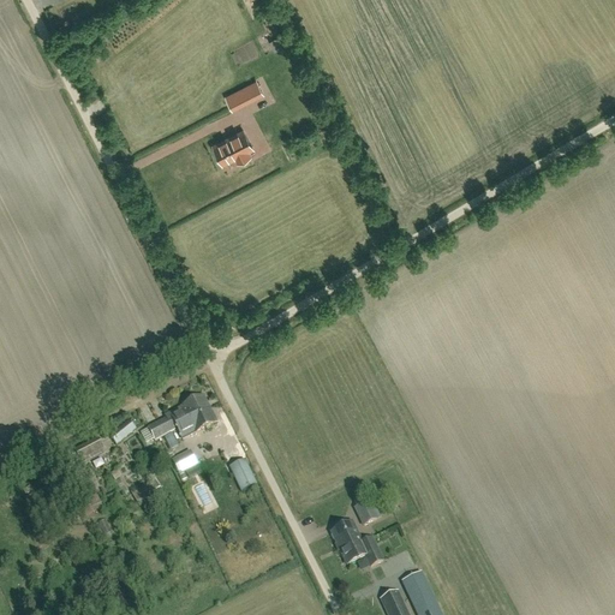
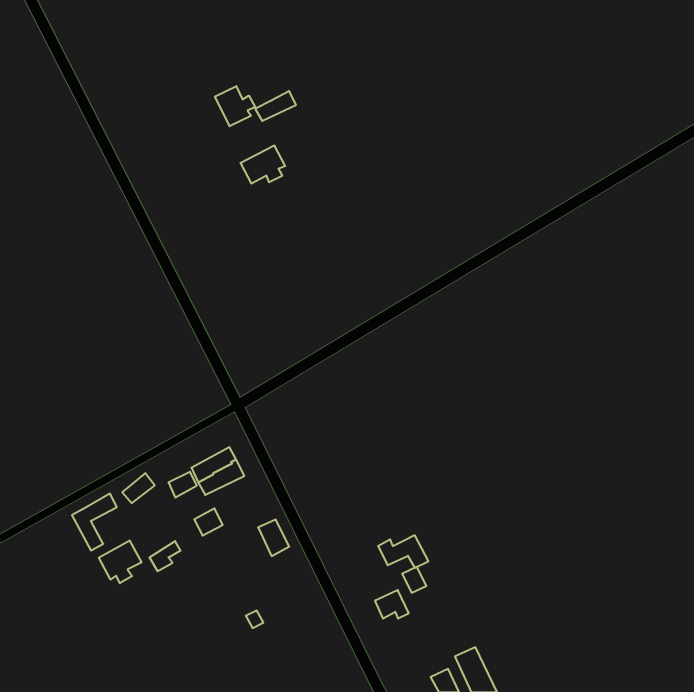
building: none -> [215,86,255,126]
building: none -> [99,540,142,583]
building: [339,537,383,566] -> [378,535,428,568]

